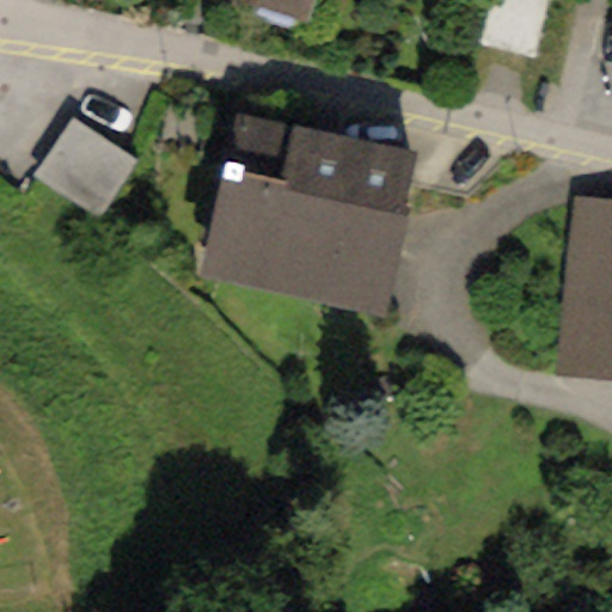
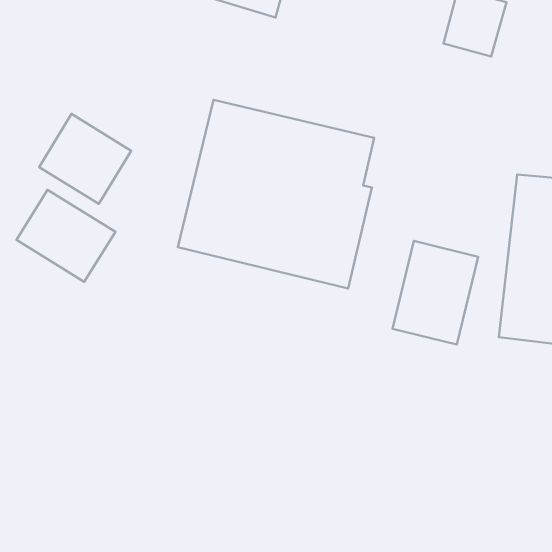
building: none -> [16,190,115,282]
building: none -> [392,241,478,345]

